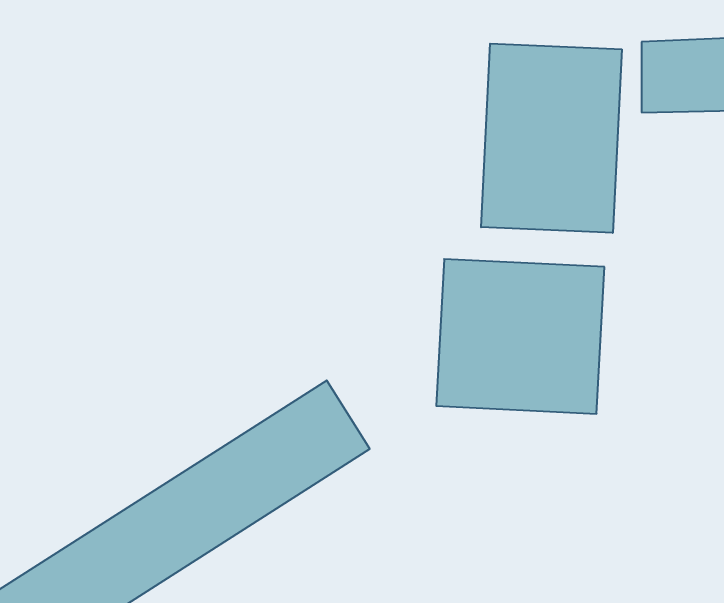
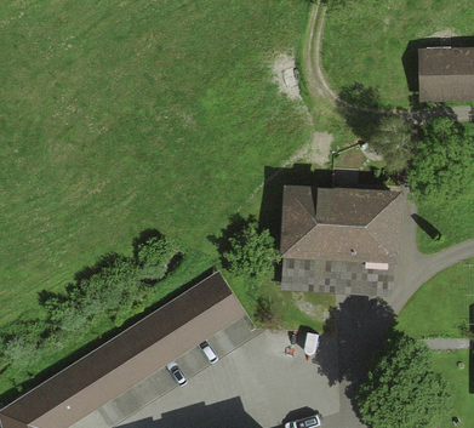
building: [481,44,622,233] -> none

